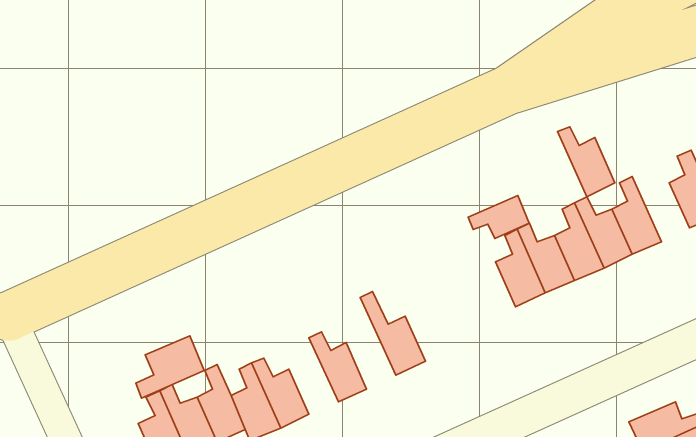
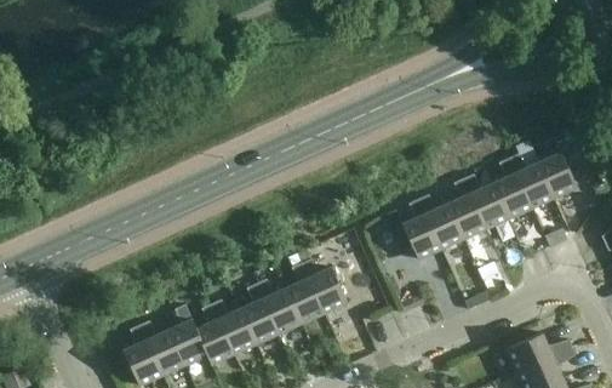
building: [557,127,615,197] -> [509,154,554,209]
building: [468,196,529,238] -> none
building: none -> [286,252,325,324]
building: [136,336,204,398] -> none
building: none -> [241,284,280,343]

